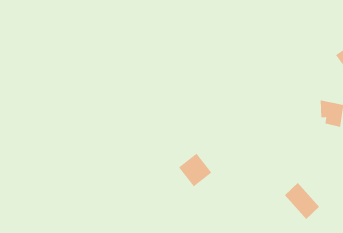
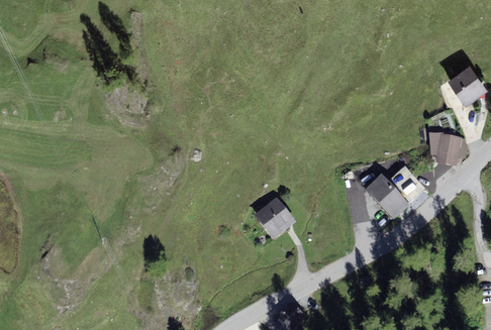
building: [284,182,320,220] -> [364,174,408,220]

